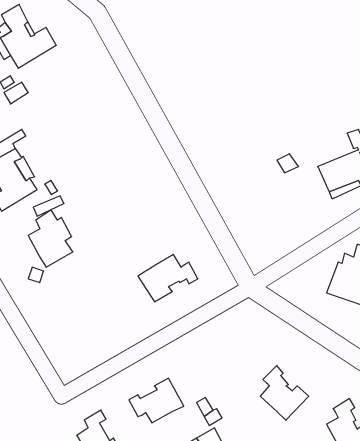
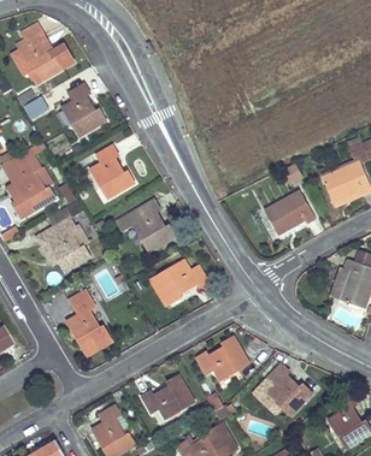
building: none -> [63,84,106,136]
building: none -> [92,144,134,199]
building: none -> [263,190,314,233]
building: none -> [117,199,175,250]
building: none -> [67,290,111,355]
building: none -> [196,336,248,379]

